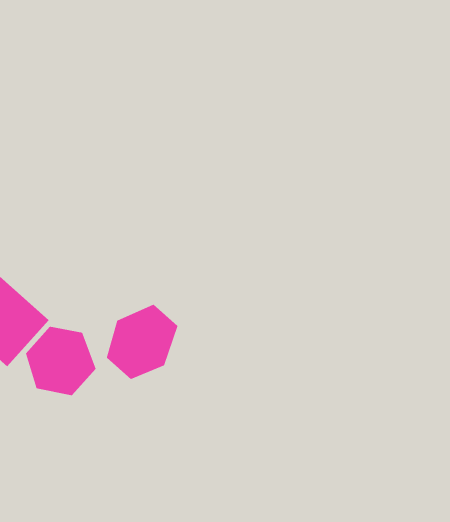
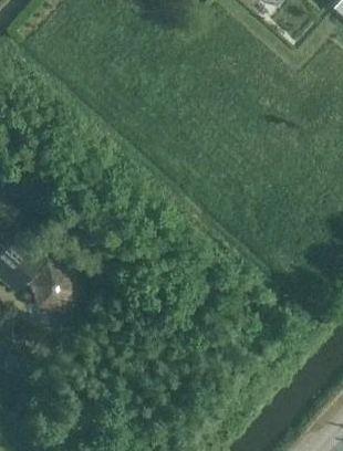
building: [106,304,178,380] -> none

